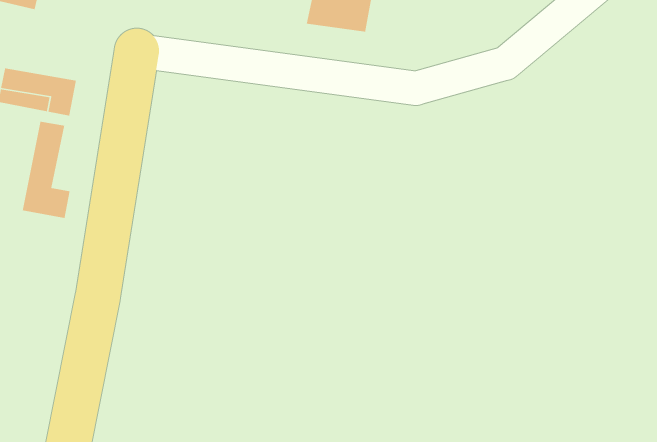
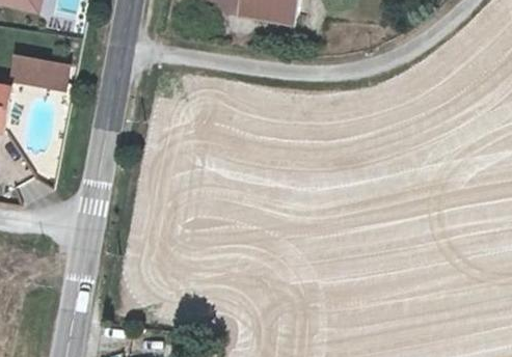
building: [22,121,70,219] -> none

